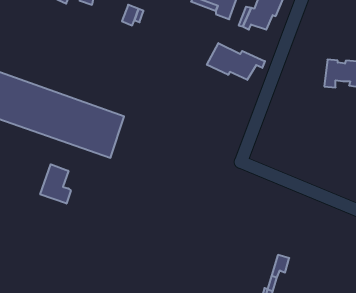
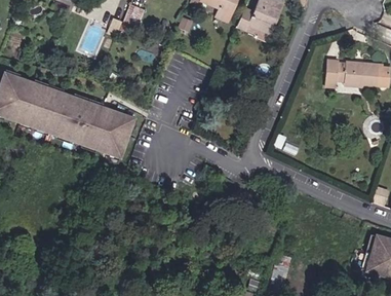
building: [207,43,265,80] -> none
building: [40,164,71,204] -> none

